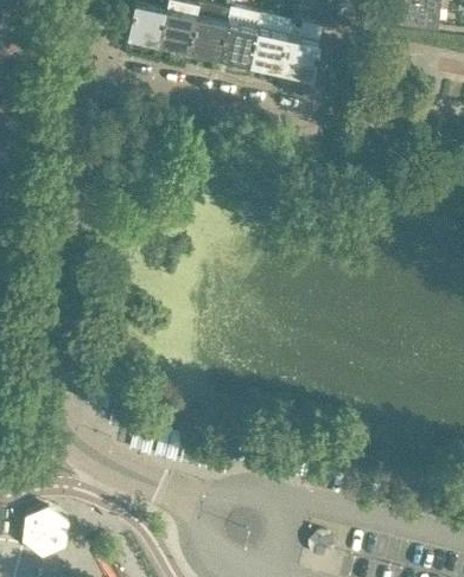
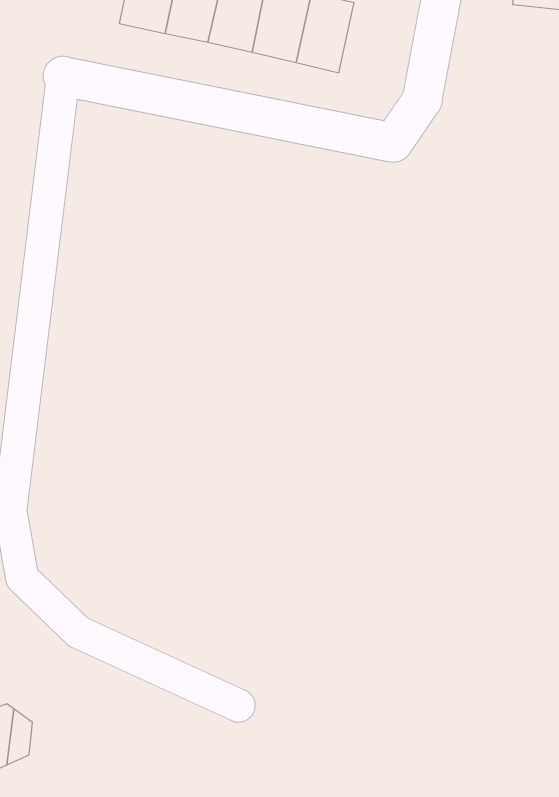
building: [280,26,322,78] -> none

